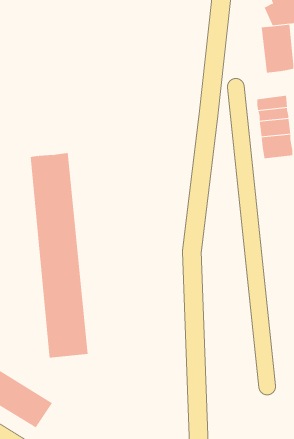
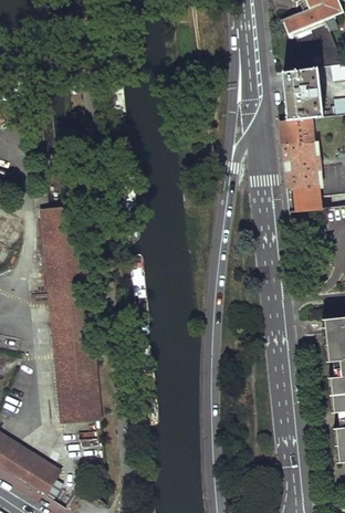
building: none -> [276,119,312,149]

